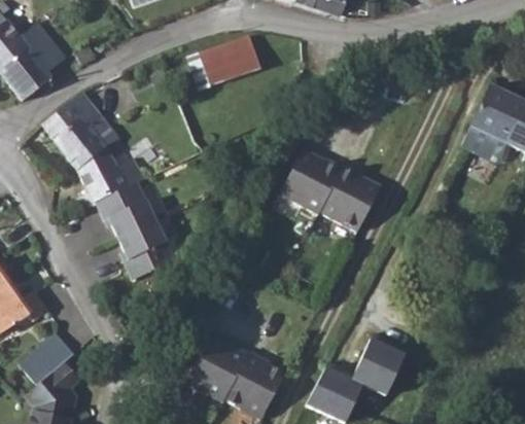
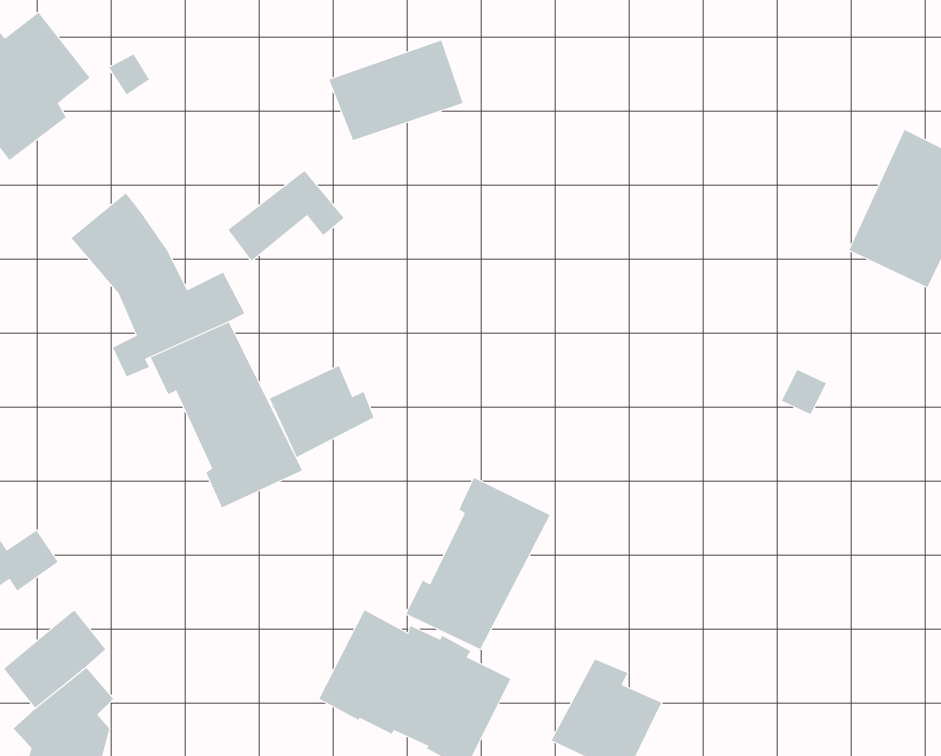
building: [43,94,104,141] -> [227,170,345,262]
building: [279,146,380,227] -> none
building: none -> [269,365,374,458]
building: none -> [405,477,551,650]
building: [351,330,405,393] -> none

